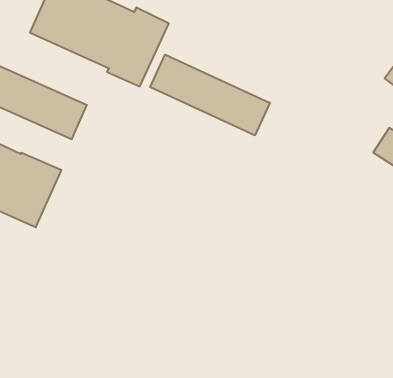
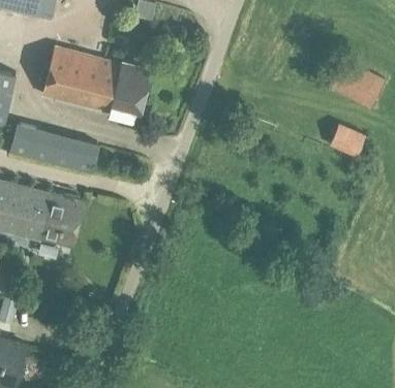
building: [150,55,270,135] -> none

